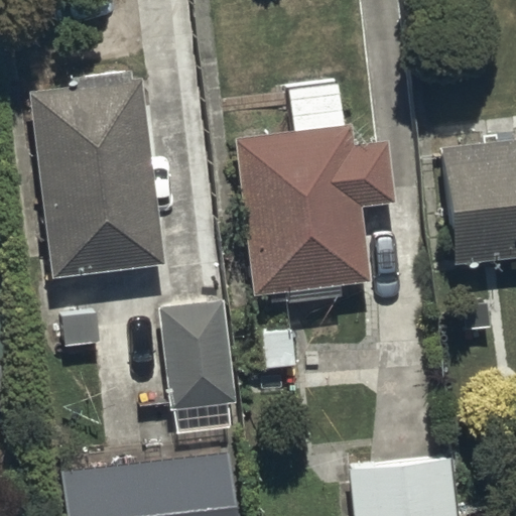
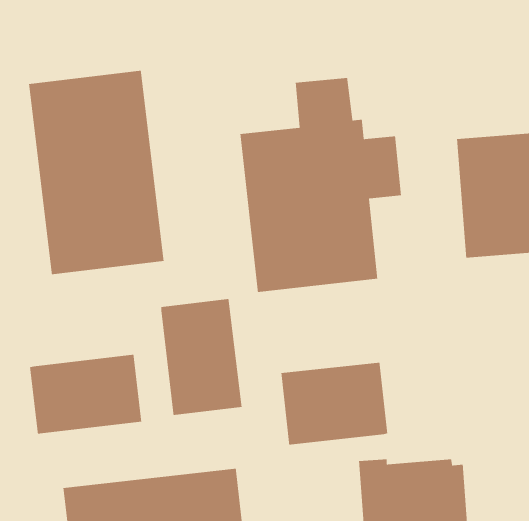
building: none -> [29,354,142,434]
building: none -> [280,362,388,445]

